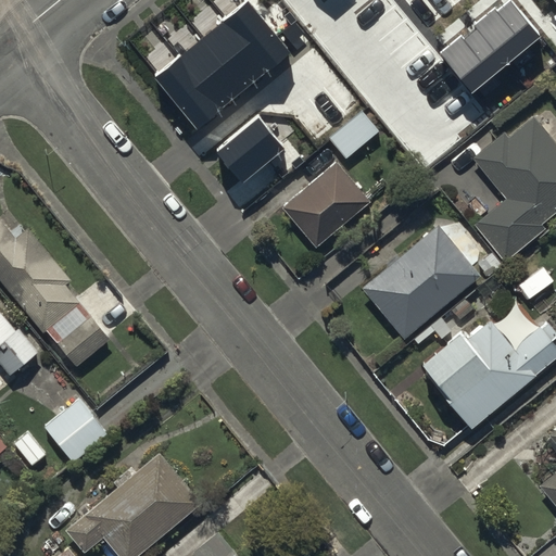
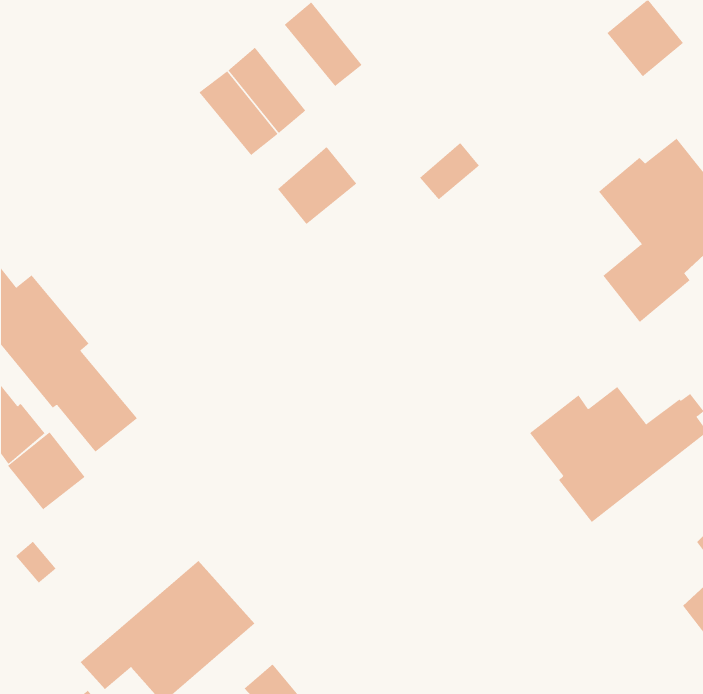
building: [202,28,265,96] -> none
building: [445,35,507,97] -> none
building: [285,169,371,254] -> none
building: [362,226,479,338] -> none
building: [45,400,106,462] -> [7,431,86,510]

